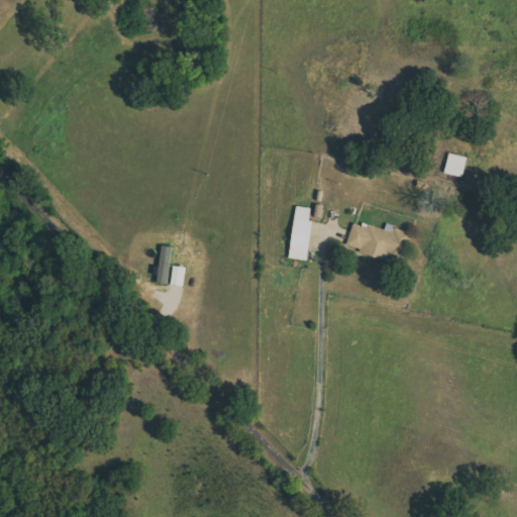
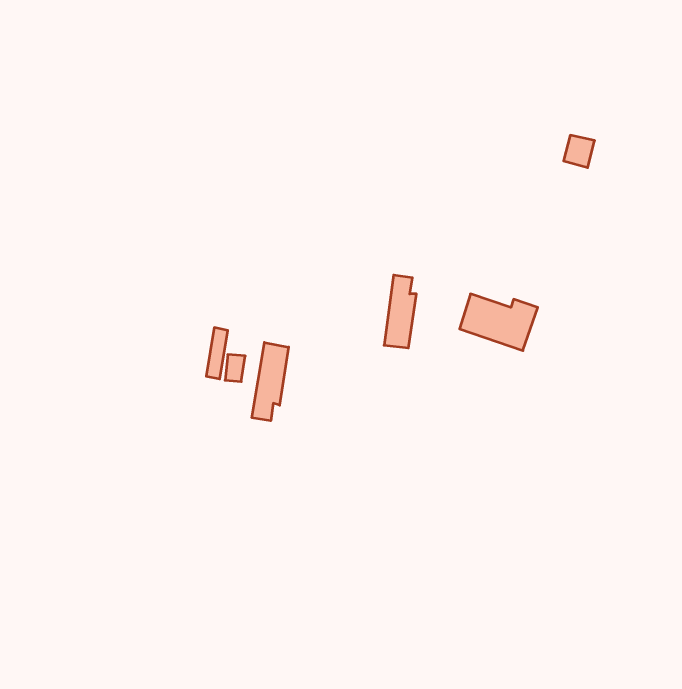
building: [442,153,466,178] -> [564,135,595,168]
building: none -> [252,342,289,421]

